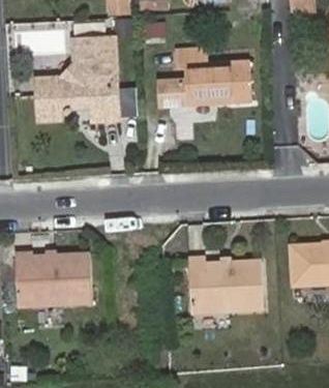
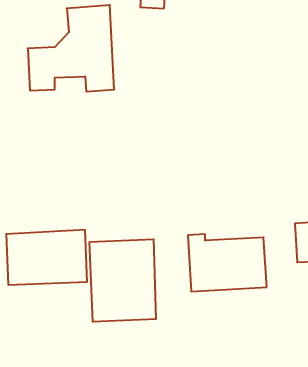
building: [156,49,251,103] -> none
building: none -> [90,239,156,322]

